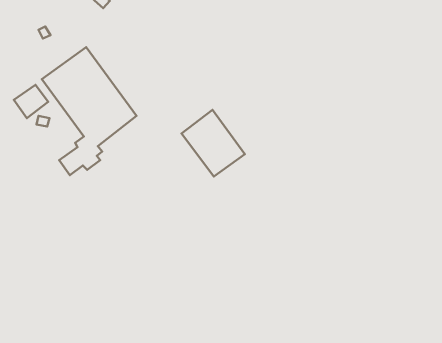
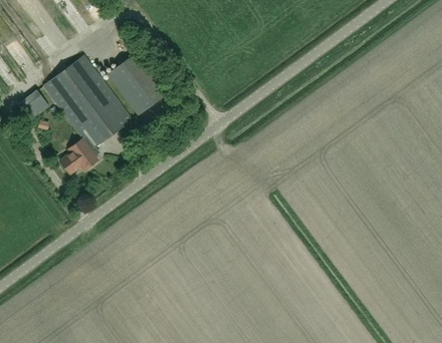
building: [181,110,245,177] -> [107,52,167,114]

